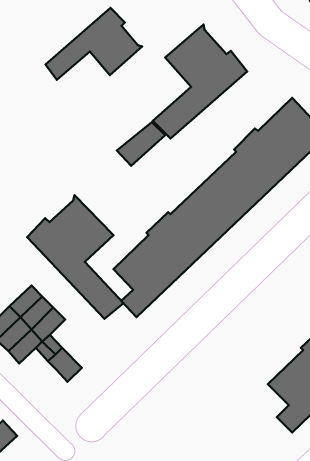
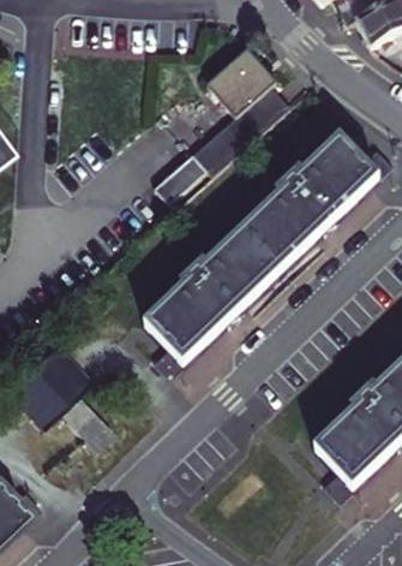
building: [45,8,142,80] -> none
building: [27,195,123,319] -> none

